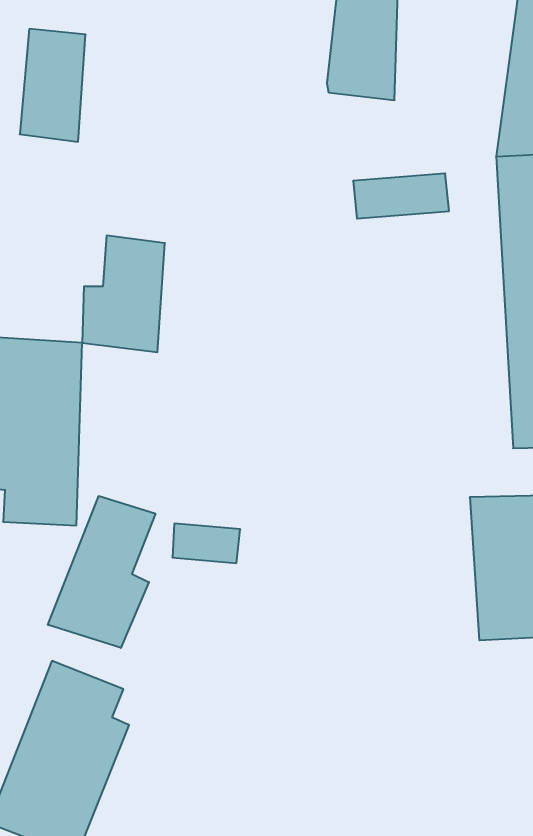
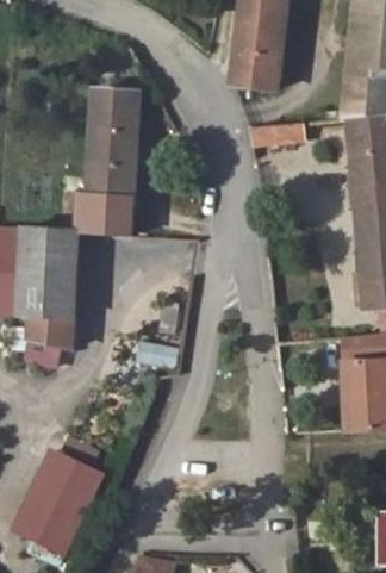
building: [20,29,86,142] -> [98,96,139,168]
building: [48,496,155,648] -> none

